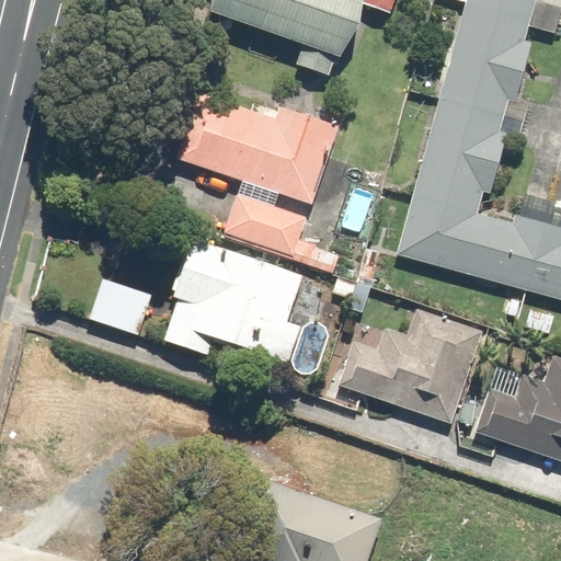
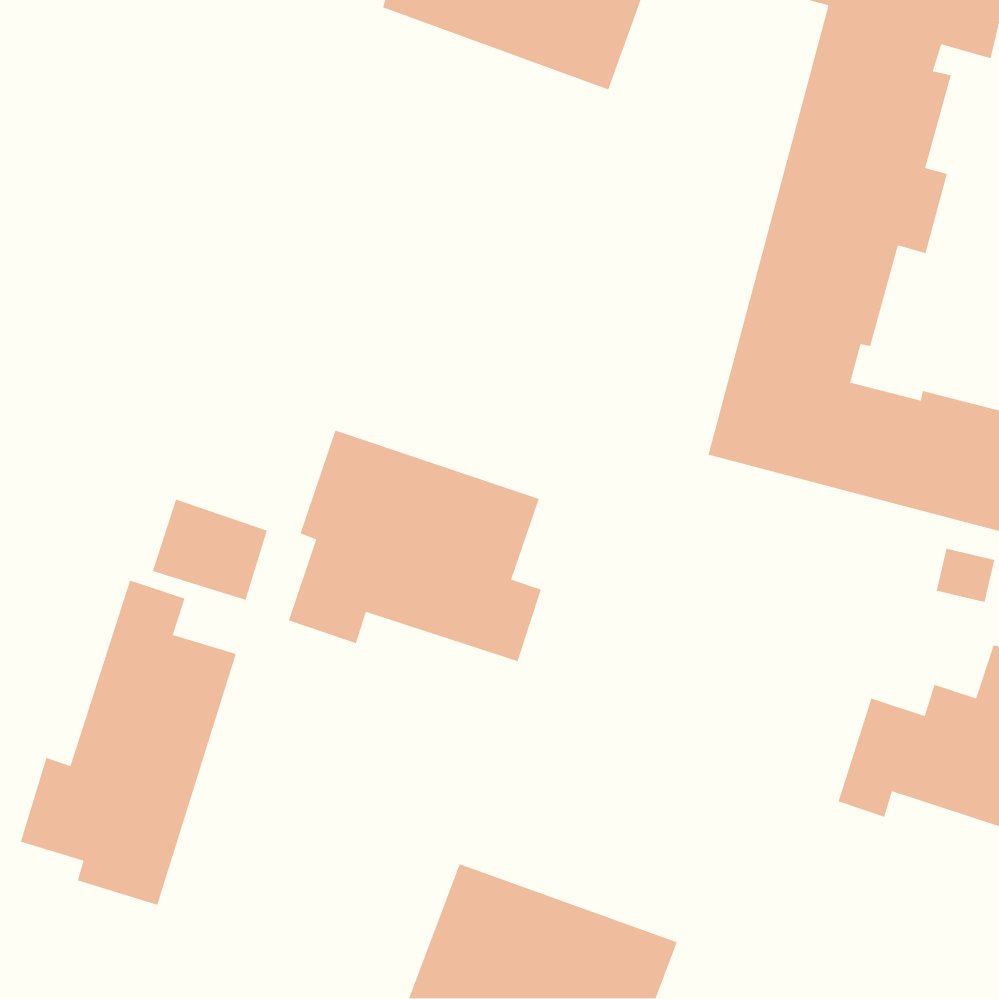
building: [175,92,339,266] -> none
building: [335,308,483,426] -> none
building: none -> [20,579,237,906]

